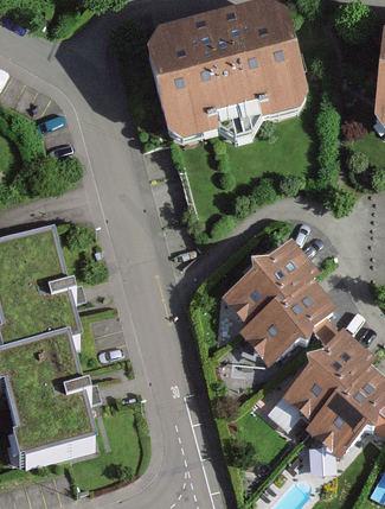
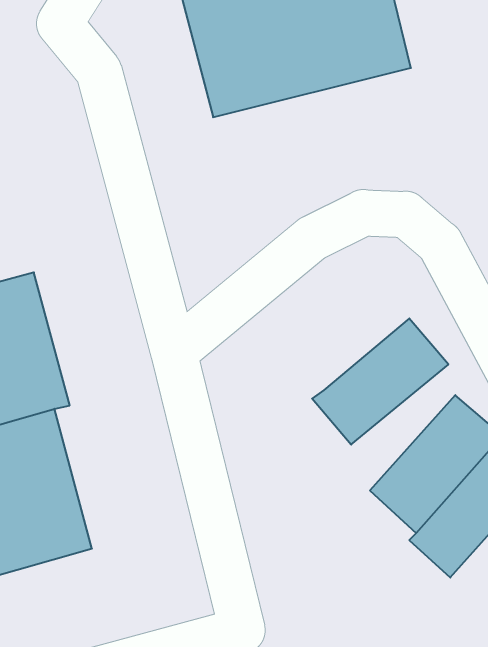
building: [223,237,314,324] -> none

